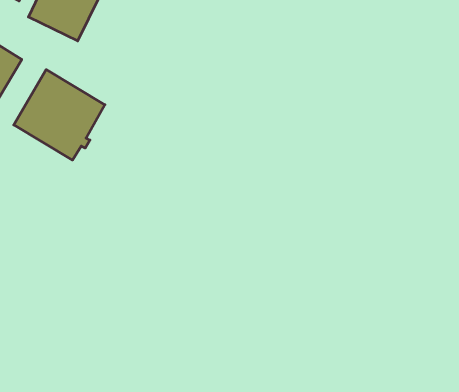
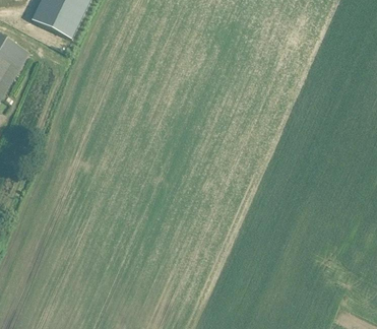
building: [14,70,105,160] -> none

